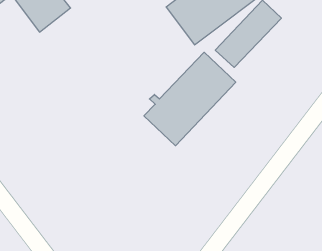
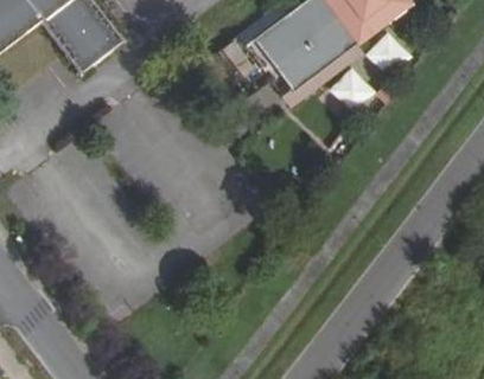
building: [144,52,236,146] -> none

